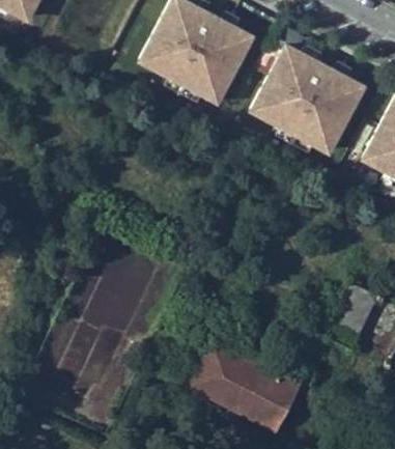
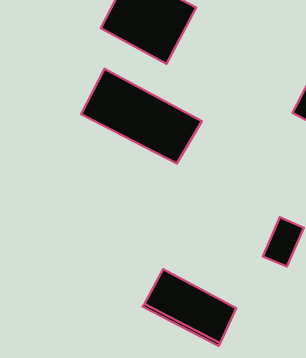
building: [252,46,364,152] -> none
building: none -> [81,69,202,163]

